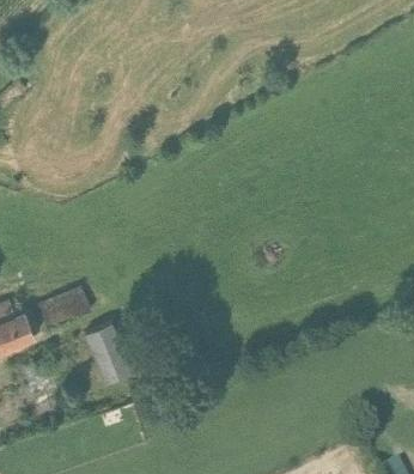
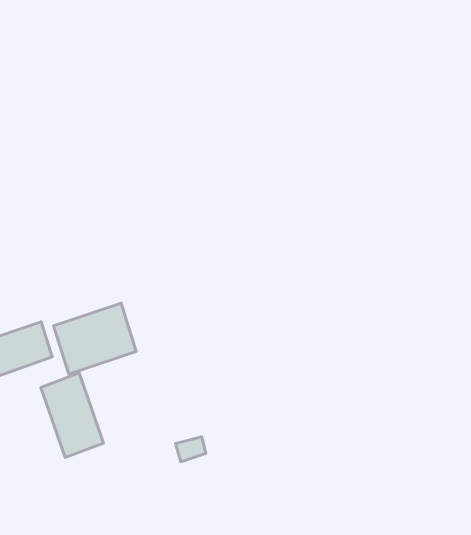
building: none -> [54,303,136,374]

